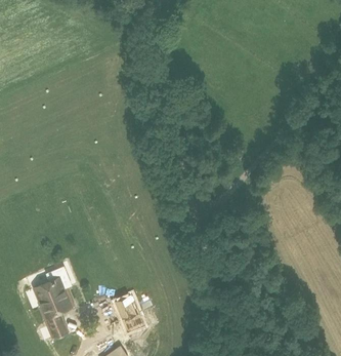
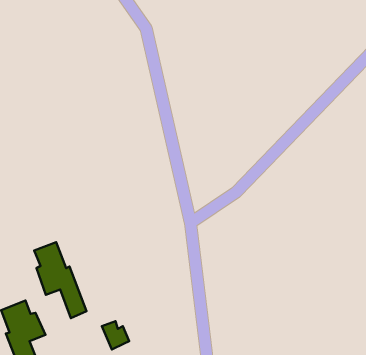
building: none -> [34,242,87,318]

